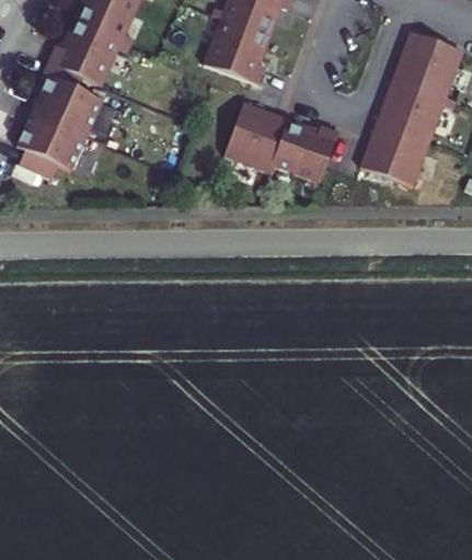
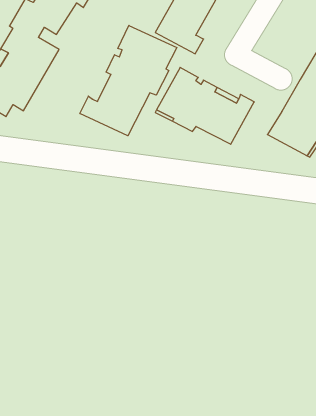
building: none -> [80,25,177,136]

